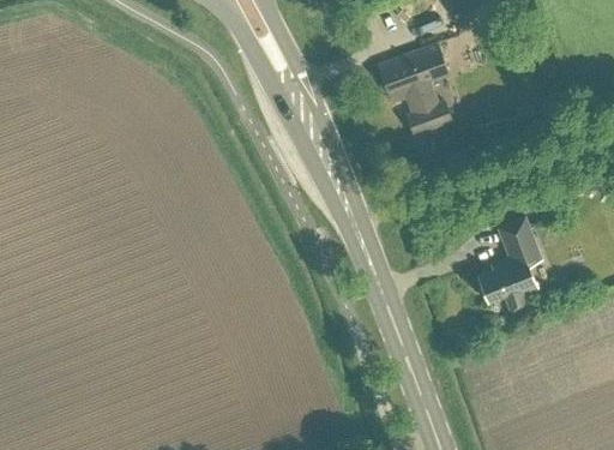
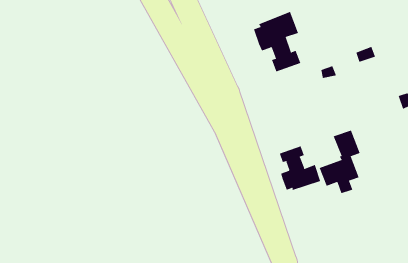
building: none -> [279,145,321,191]

